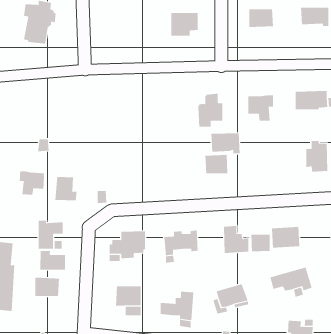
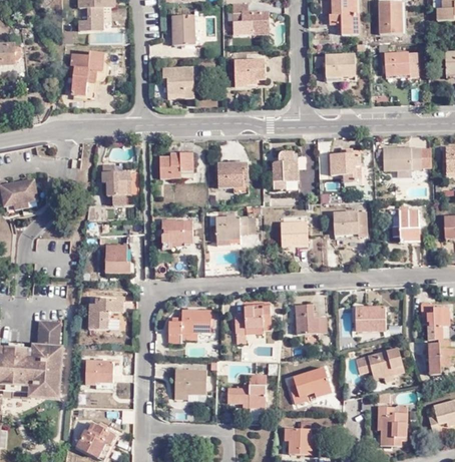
building: none -> [164,70,195,97]
building: none -> [160,158,193,186]
building: none -> [215,162,246,187]
building: none -> [99,172,128,205]
building: [211,133,240,154] -> [331,212,365,237]
building: none -> [215,216,247,238]
building: none -> [161,218,191,248]
building: [19,170,45,195] -> none
building: [251,234,270,252] -> none
building: [40,250,65,271] -> none

